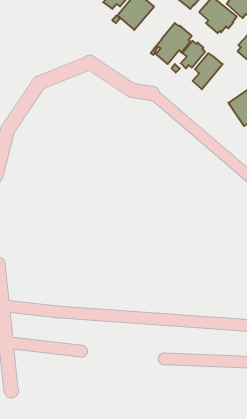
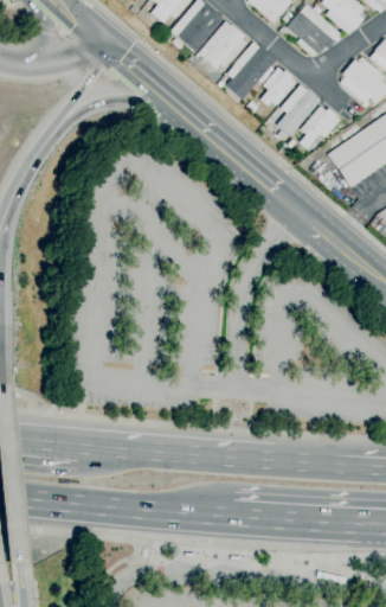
building: none -> [198,21,246,69]
building: none -> [300,106,340,147]

